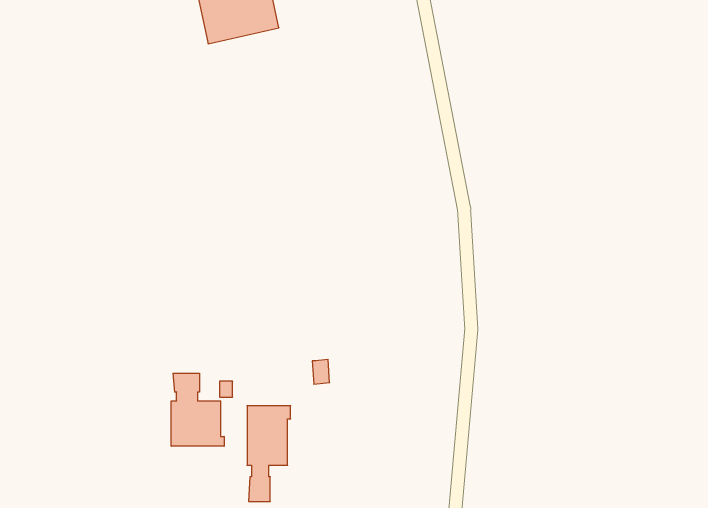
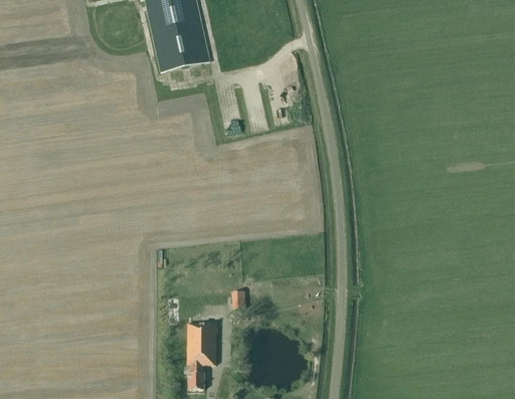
building: [171,373,224,446] -> none

